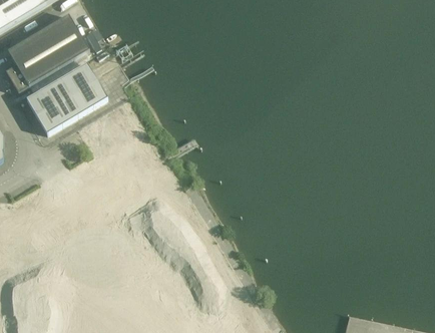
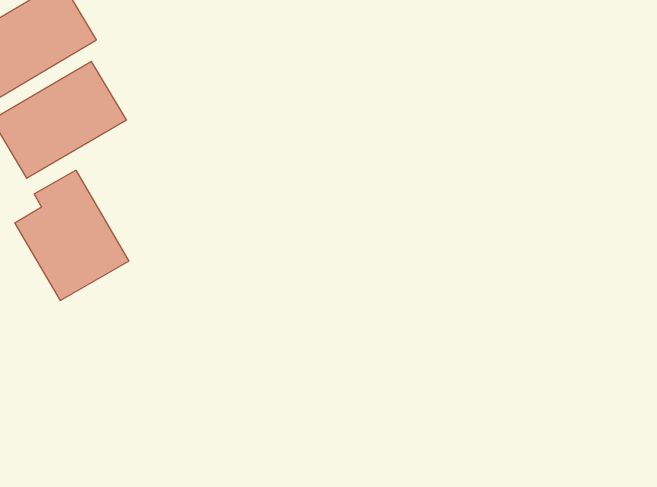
building: none -> [15,170,129,301]

